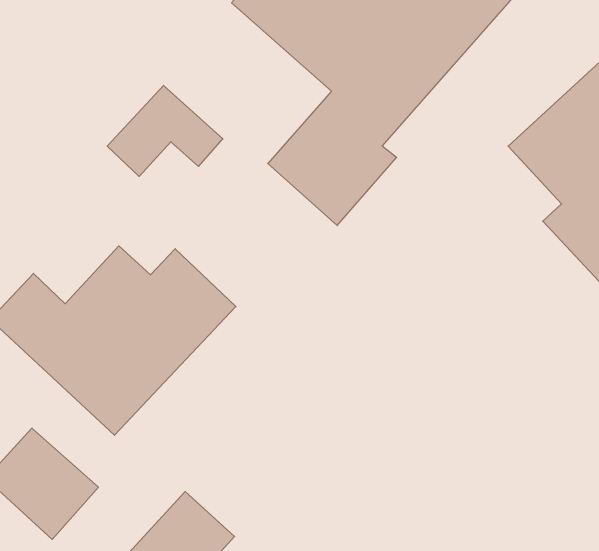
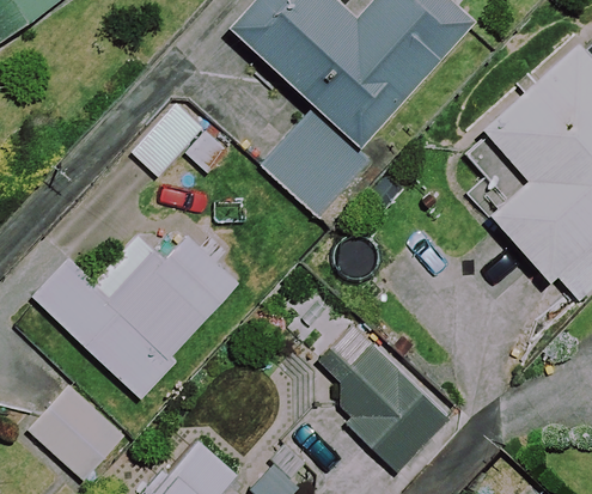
building: none -> [309,319,451,474]

